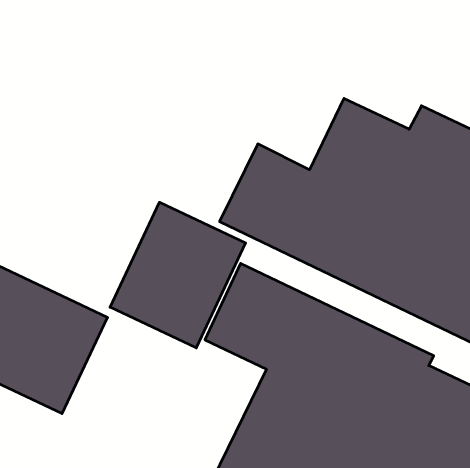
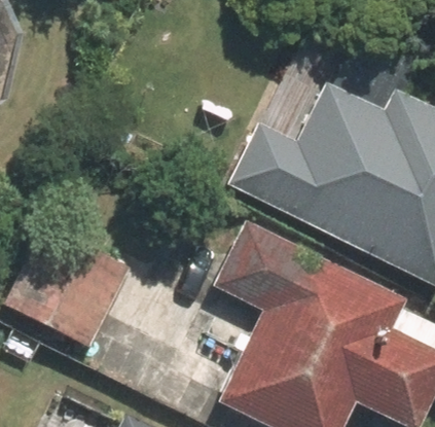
building: [110,202,246,348] -> none

